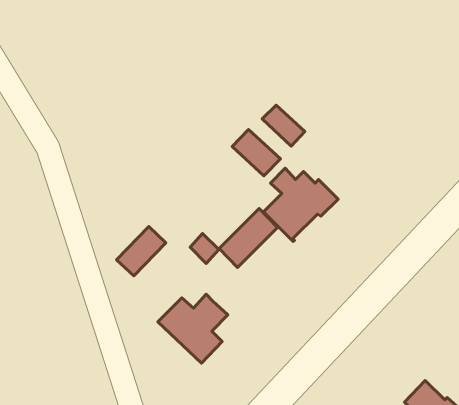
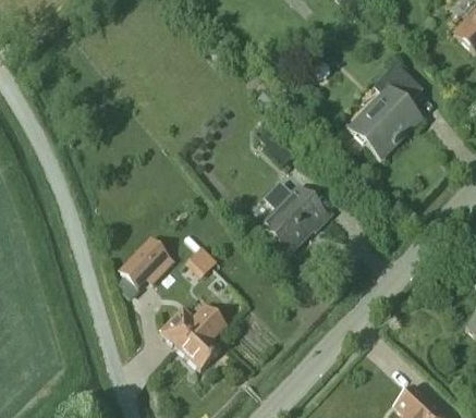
building: none -> [350,62,424,158]
building: [232,129,280,176] -> none
building: [219,209,277,267] -> none

